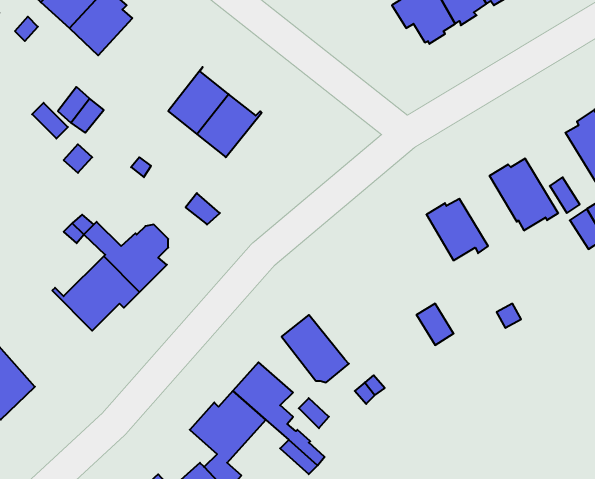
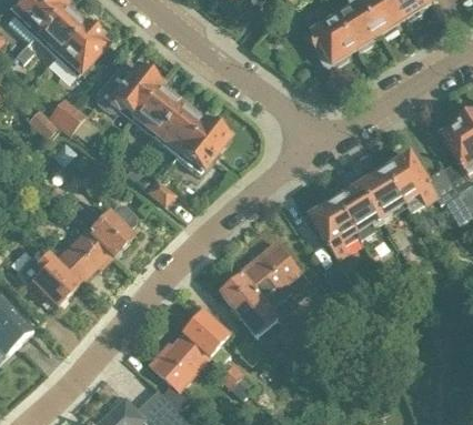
building: none -> [92,64,160,118]
building: none -> [178,119,229,171]
building: none -> [359,168,403,222]
building: none -> [310,198,354,259]
building: none -> [241,242,314,310]
building: none -> [14,255,74,306]

